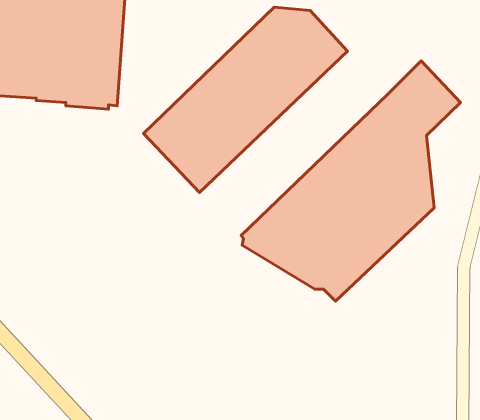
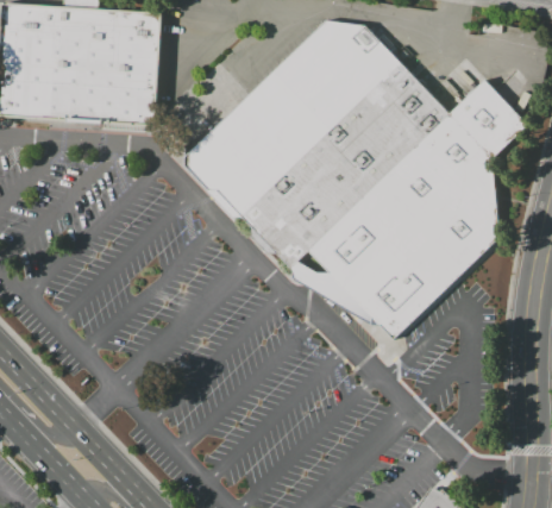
building: none -> [245,69,450,269]

